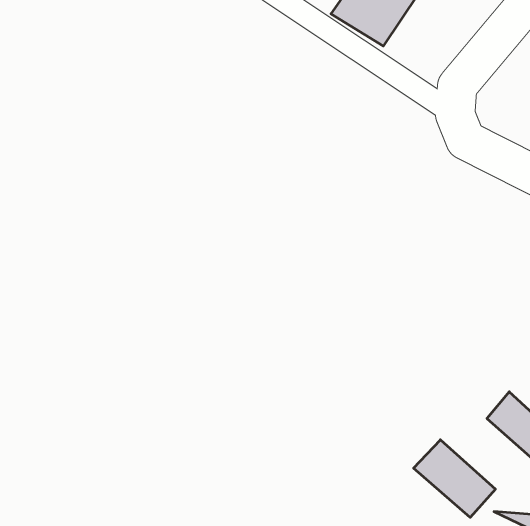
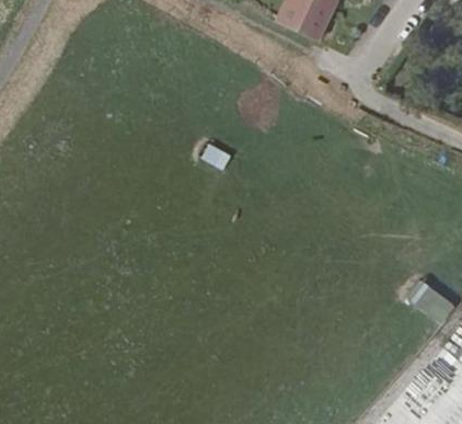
building: [414,440,495,517] -> none

